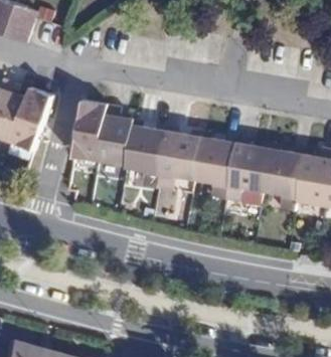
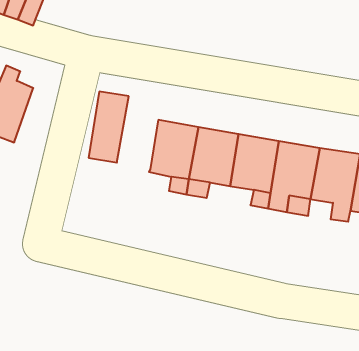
building: [13,87,55,151] -> none
building: [101,104,137,166] -> none

